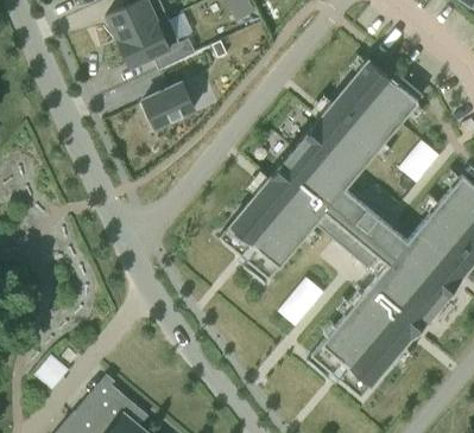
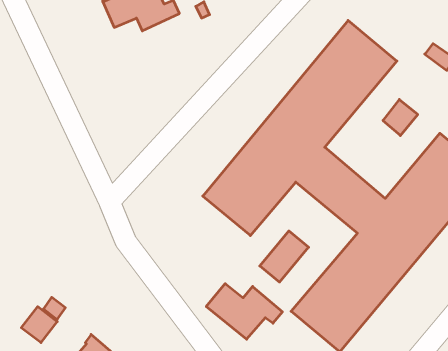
building: [143,82,195,127] -> none
building: none -> [206,284,282,339]

